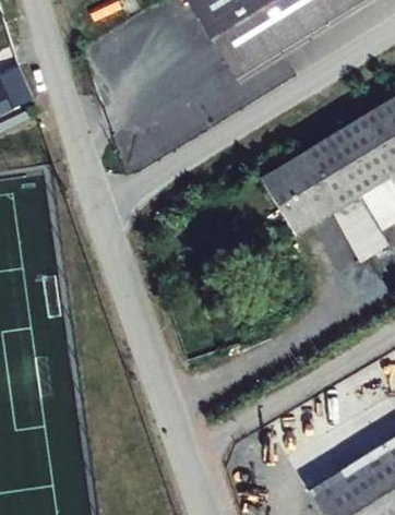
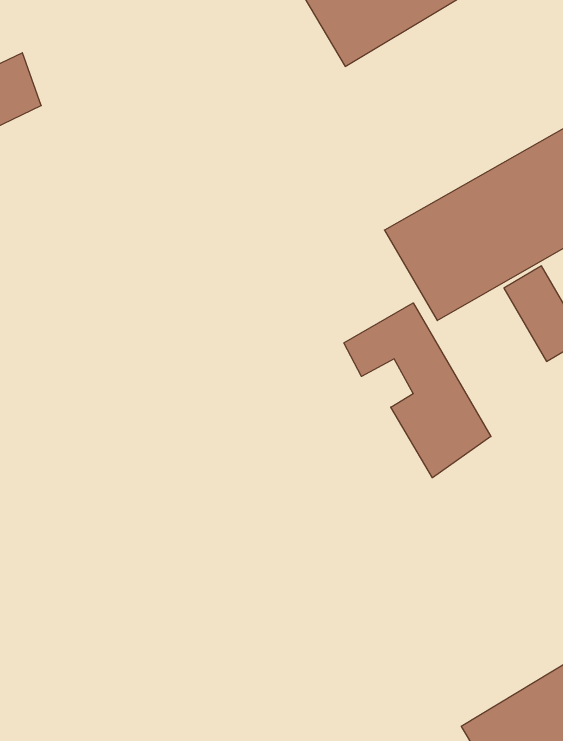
building: none -> [344,303,491,478]

